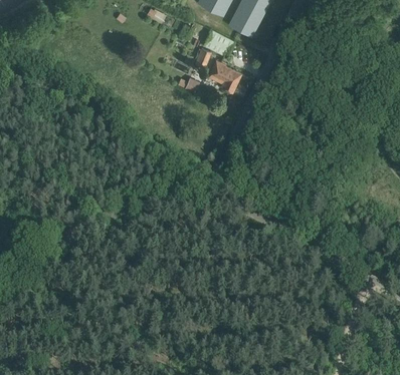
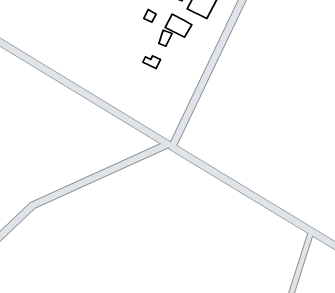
building: [210,61,242,92] -> none

